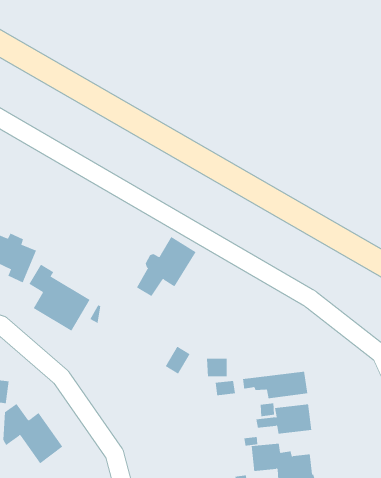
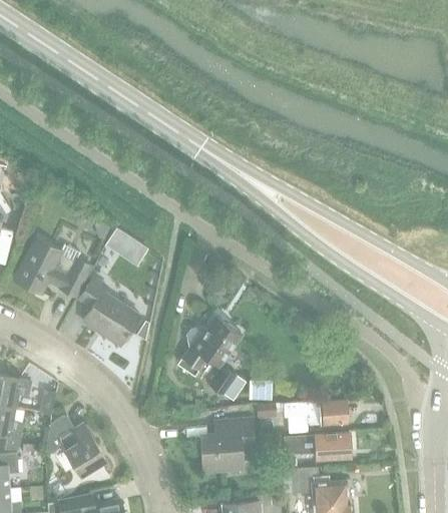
building: none -> [106,228,148,267]
building: [136,236,196,297] -> [178,316,240,374]
building: none -> [200,418,253,469]

